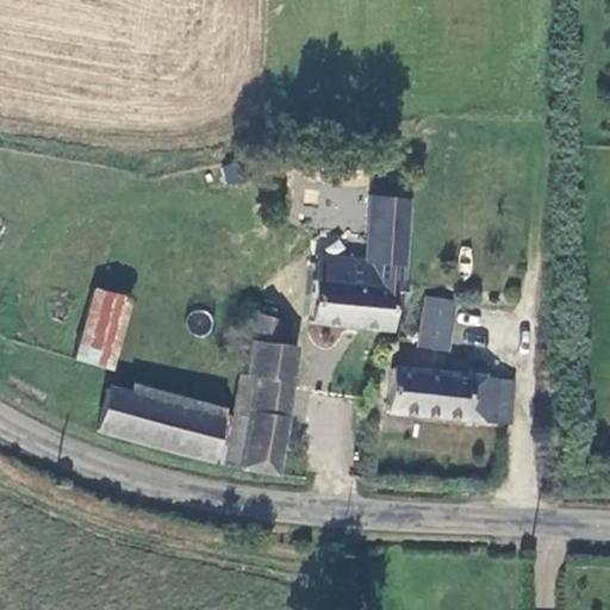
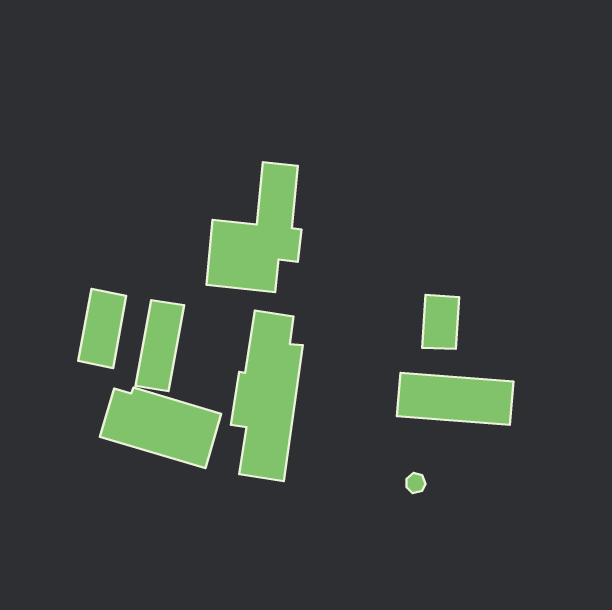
building: [315,199,409,328] -> [206,162,301,292]
building: none -> [136,300,184,391]

